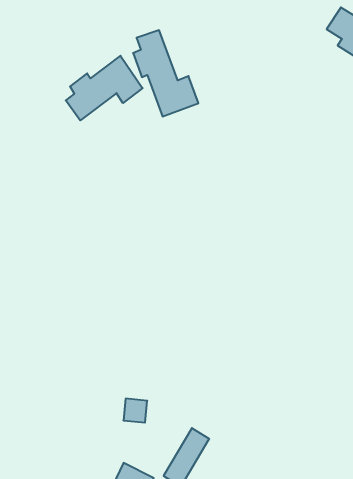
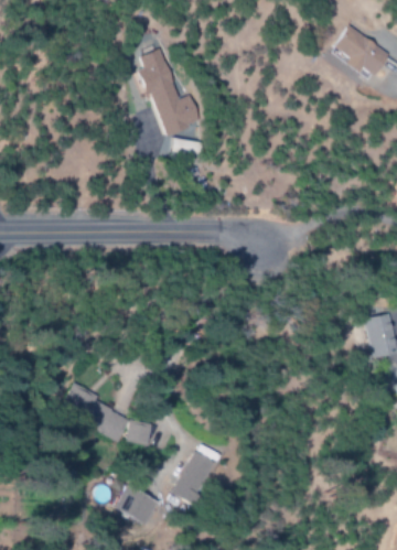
building: [66,56,143,120] -> none
building: none -> [61,382,128,440]

